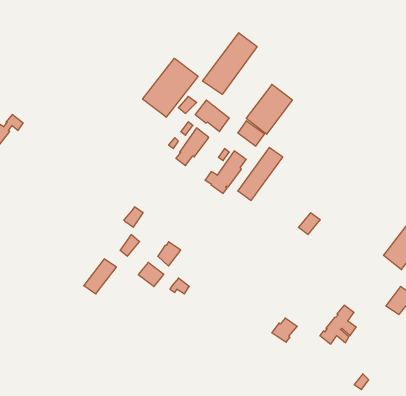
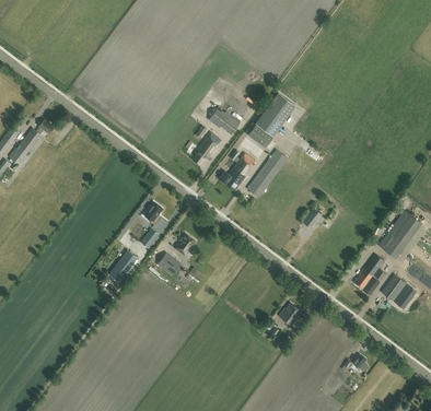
building: [203,33,257,94] -> none
building: [143,58,198,117] -> none
building: [320,305,356,344] -> [353,254,386,289]

